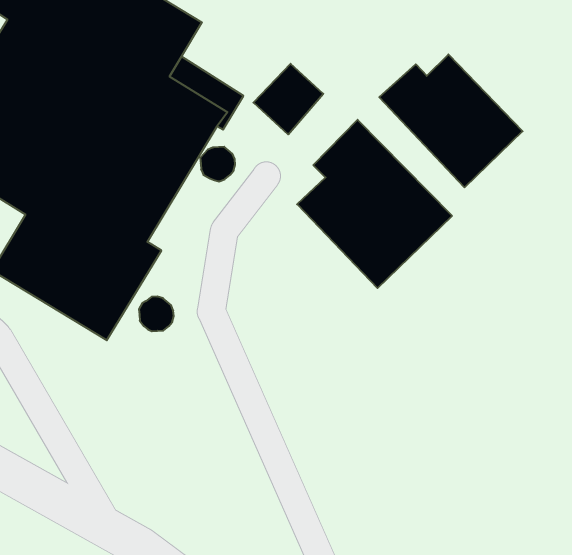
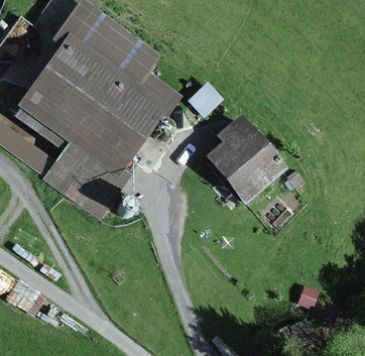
building: [379,54,523,187] -> none

